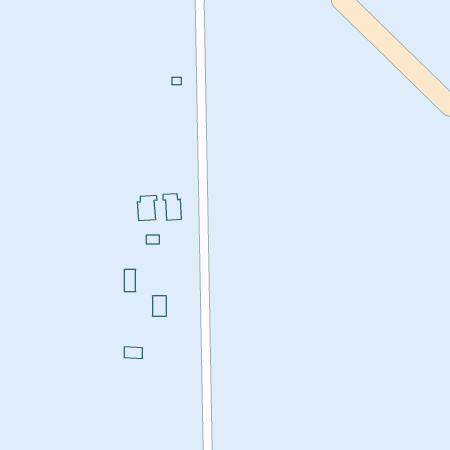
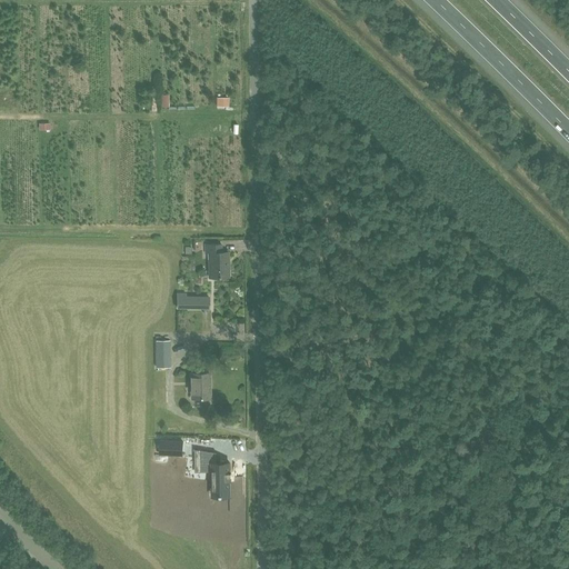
building: [137,195,157,221] -> none
building: none -> [197,450,231,496]

